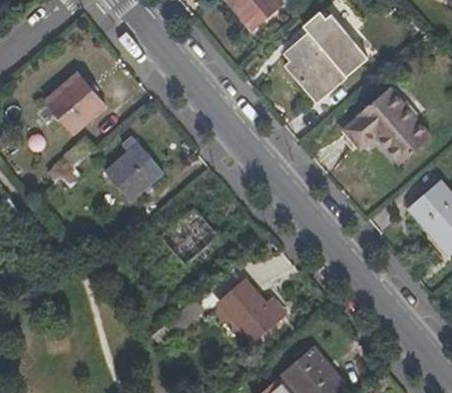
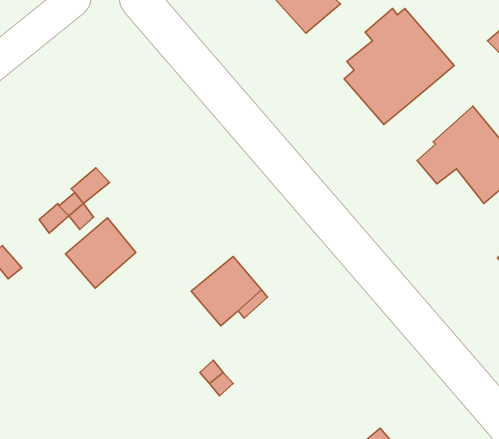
building: [45,74,104,133] -> none
building: [104,143,161,201] -> [65,218,136,288]
building: [219,282,284,341] -> none

